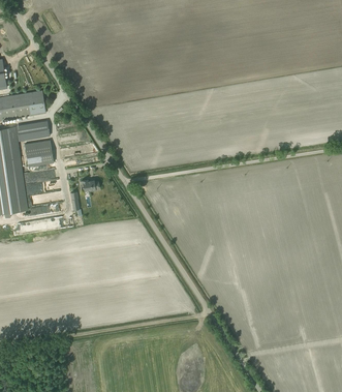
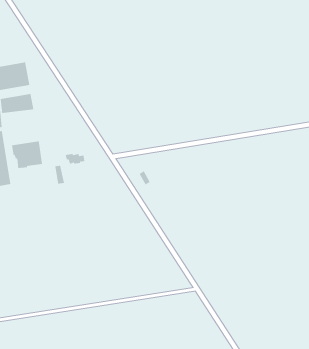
building: [24,139,53,165] -> none

